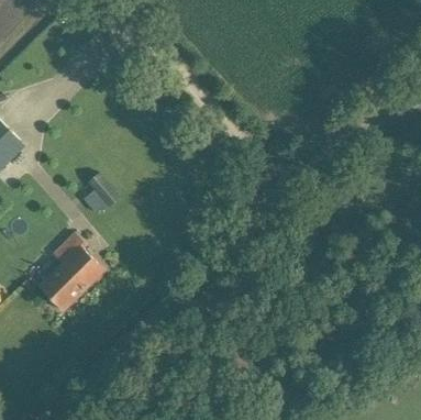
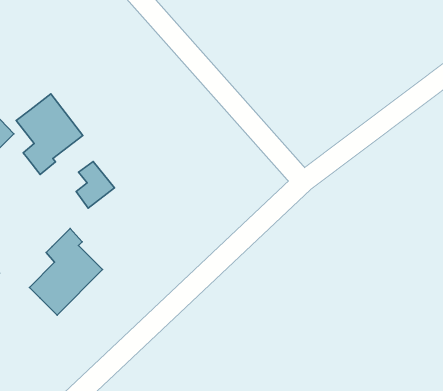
building: none -> [16,94,83,175]

